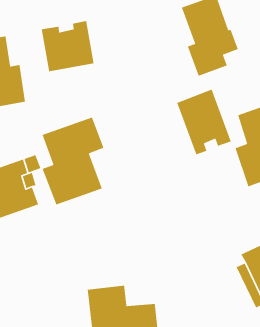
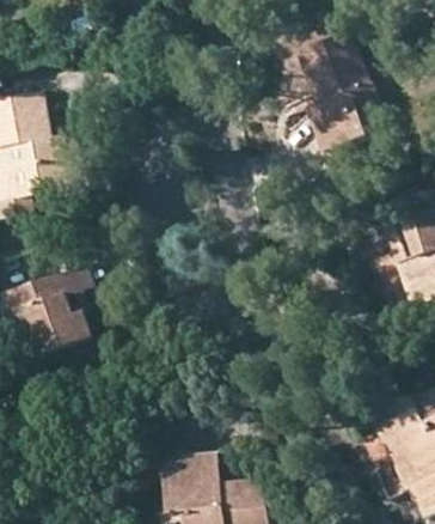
building: [41,20,94,72] -> none
building: [176,89,232,156] -> none
building: [41,117,105,206] -> none

